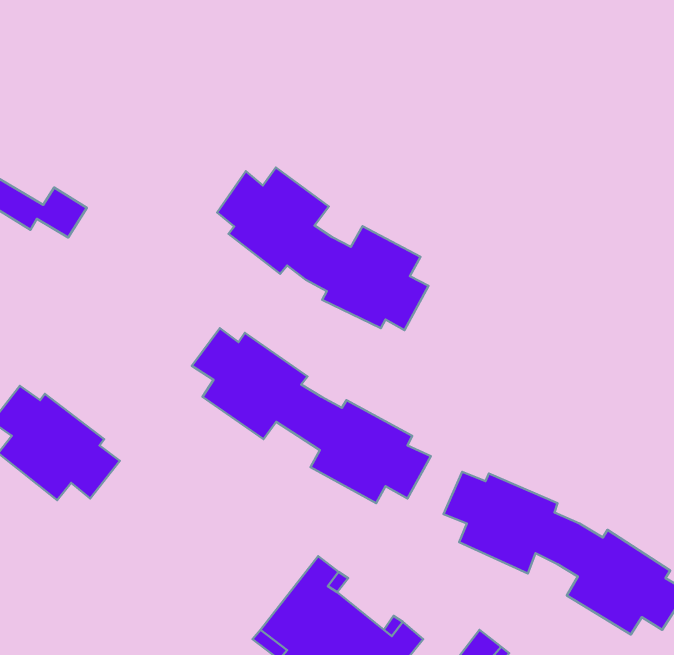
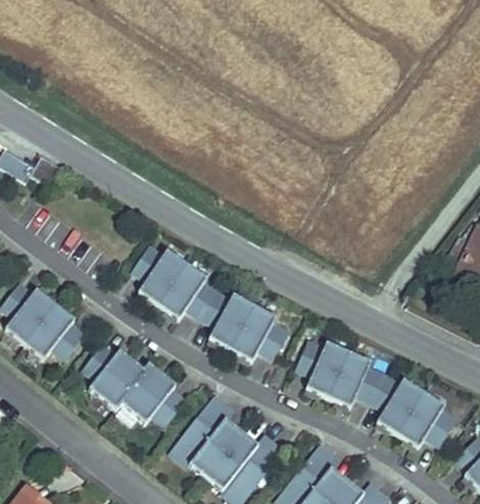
building: [217,168,428,330] -> none
building: none -> [83,343,185,424]

